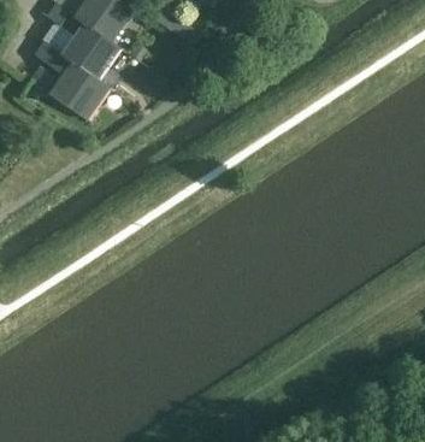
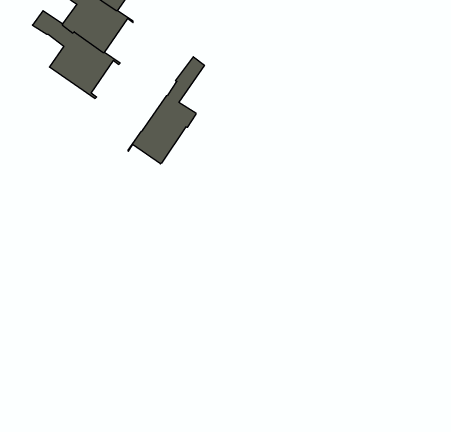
building: none -> [128,57,204,164]

